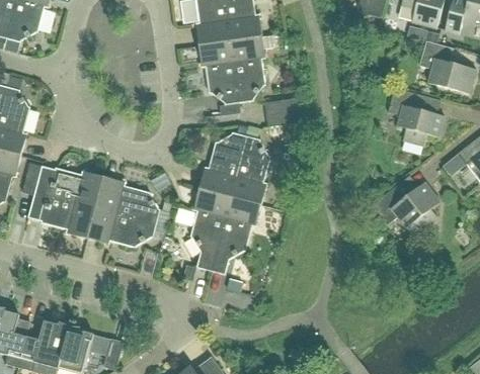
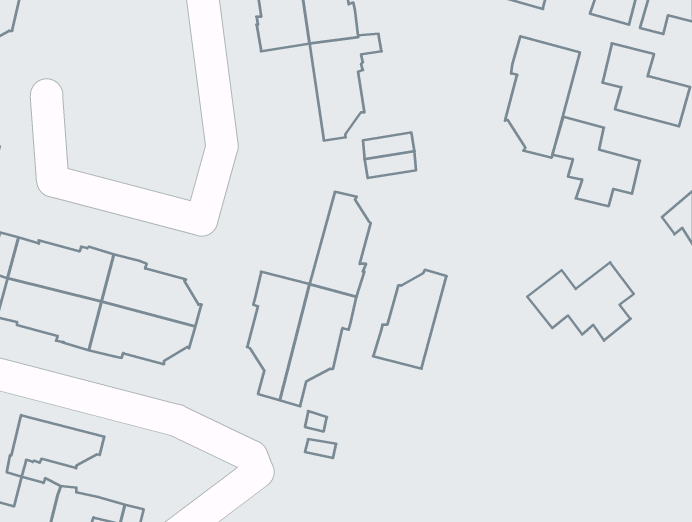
building: none -> [505,36,580,158]
building: [198,39,239,104] -> none
building: [198,131,246,195] -> [373,270,447,369]
building: none -> [7,415,104,477]

